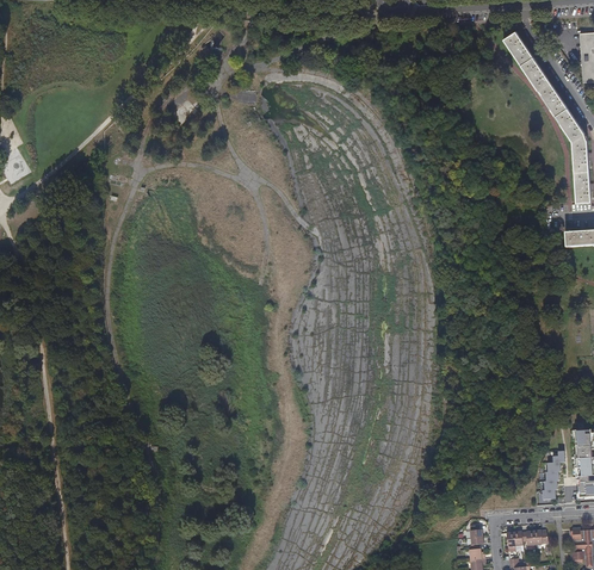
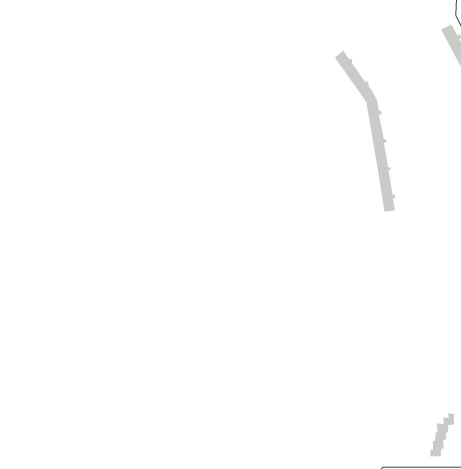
building: none -> [334,50,396,213]

